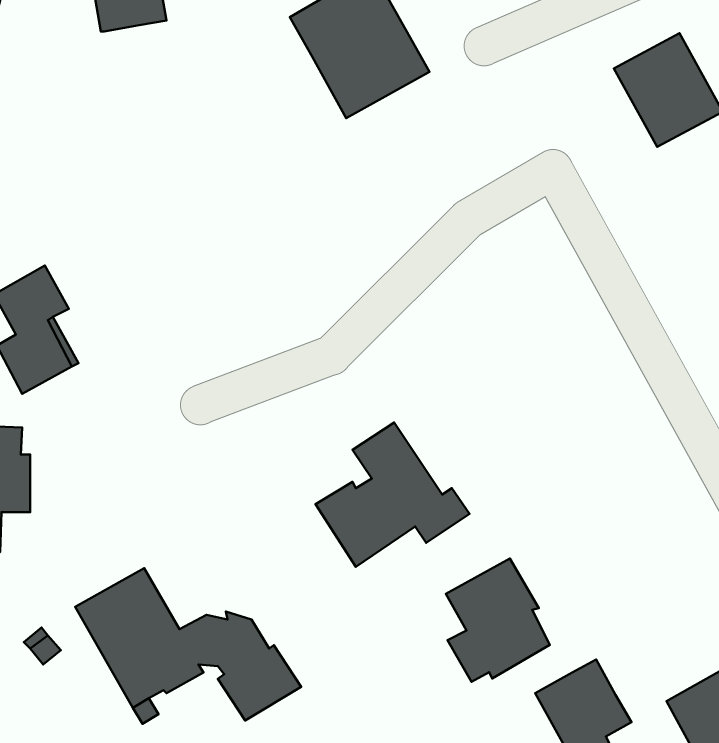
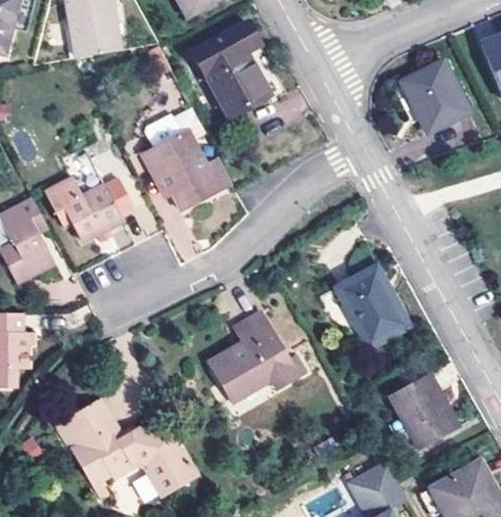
building: none -> [141,107,235,212]
building: none -> [47,165,125,241]
building: none -> [335,264,409,348]
building: [446,558,550,682] -> [390,373,456,452]

